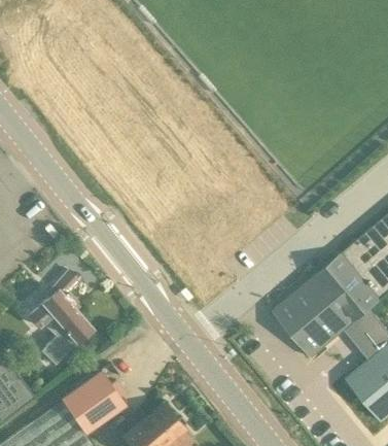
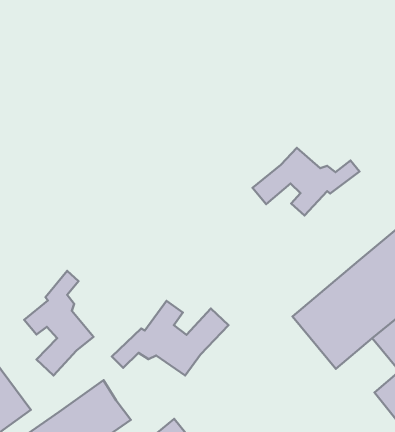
building: none -> [253,148,359,215]
building: none -> [112,301,228,375]

